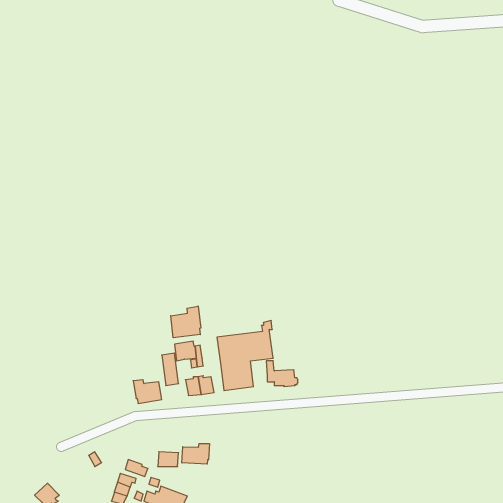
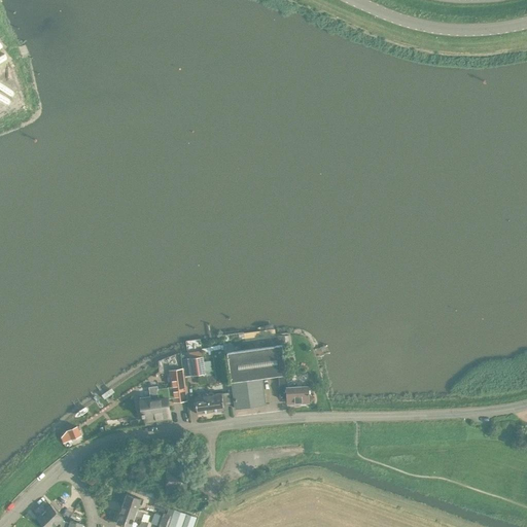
building: [171,306,201,338] -> none
building: [182,444,209,464] -> none

